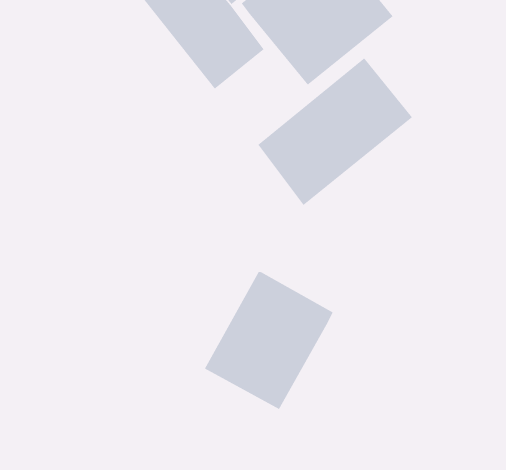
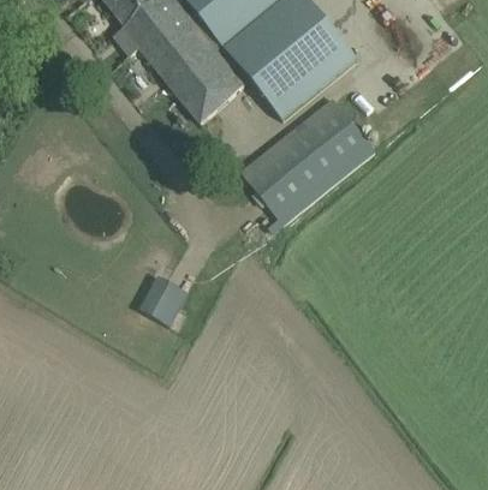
building: none -> [147,279,186,323]
building: [204,271,334,410] -> none

